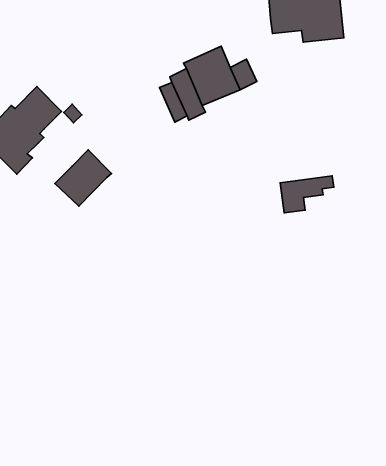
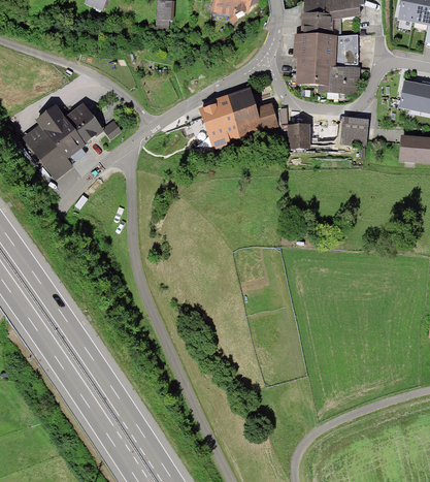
building: none -> [343,120,368,148]
building: [55,150,111,206] -> none
building: [280,176,334,213] -> [289,124,335,151]

